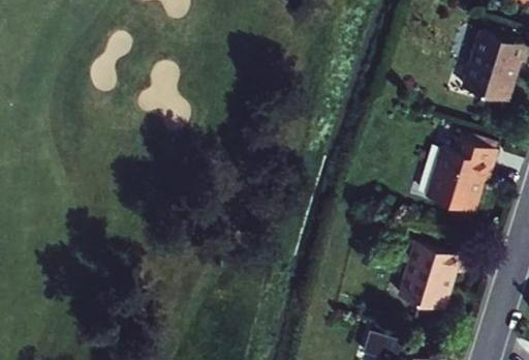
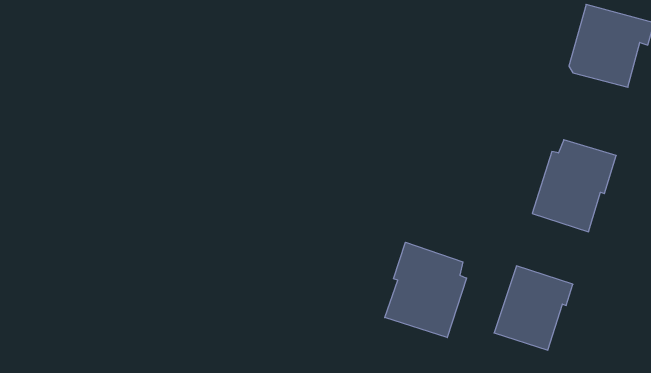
building: none -> [385,242,467,338]

